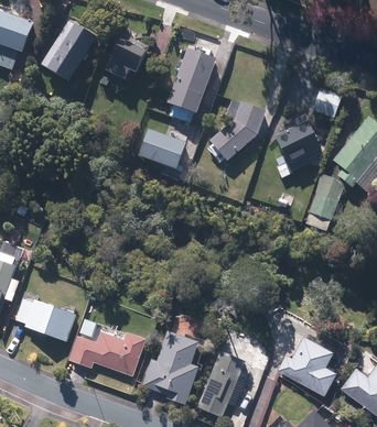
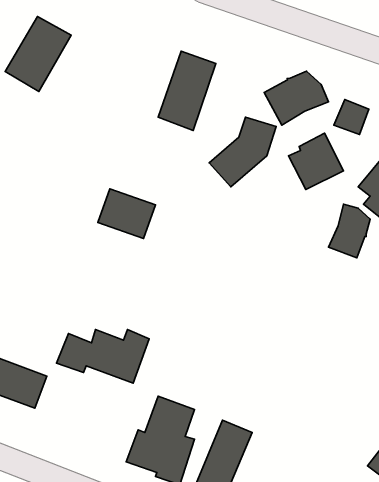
building: [105,34,147,77] -> none
building: none -> [264,71,329,125]
building: [138,128,185,168] -> [98,189,155,238]
building: [68,331,144,375] -> [57,329,149,383]
building: [277,337,335,395] -> none

